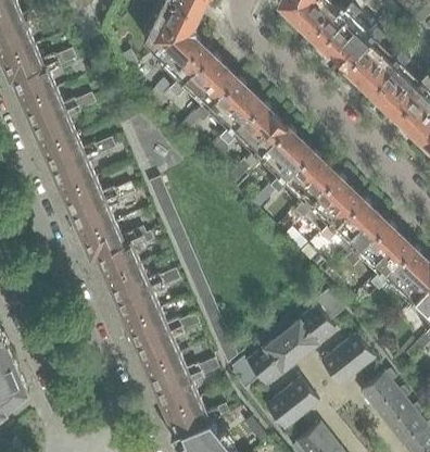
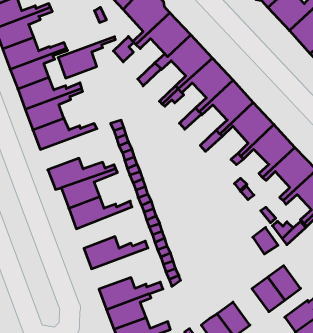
building: [69,188,134,238] -> [58,37,115,78]
building: [115,275,178,325] -> none
building: [231,303,334,388] -> none
building: [135,321,198,371] -> none

